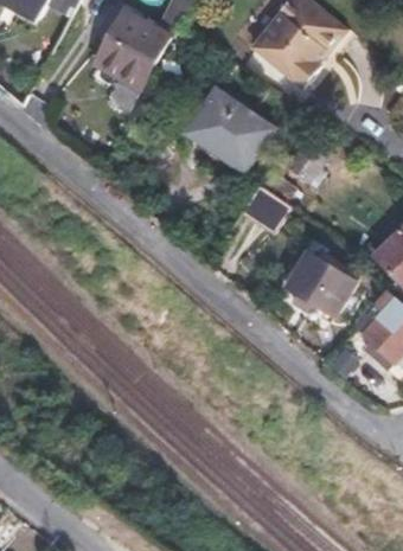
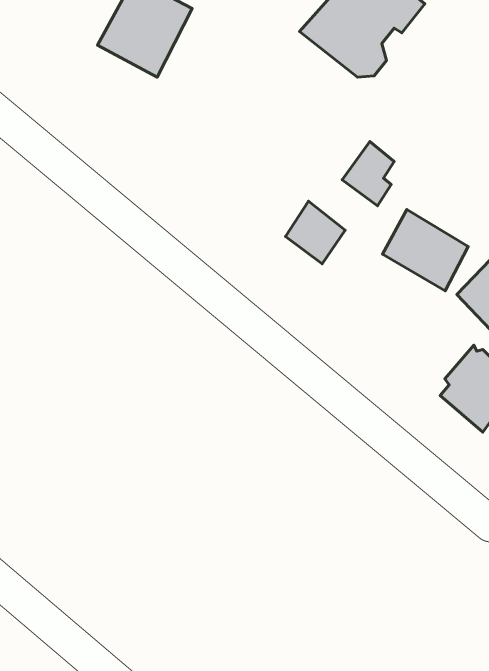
building: [190,92,269,166] -> none
building: [286,252,352,315] -> [383,210,468,291]

